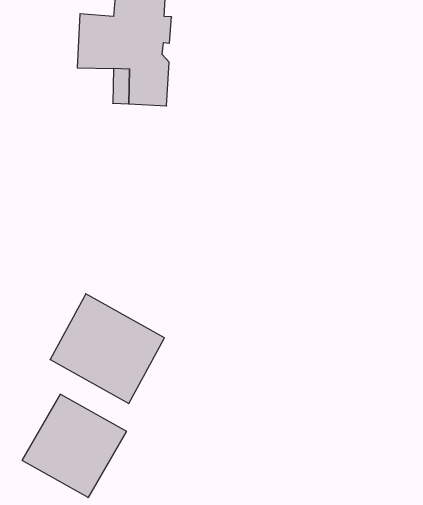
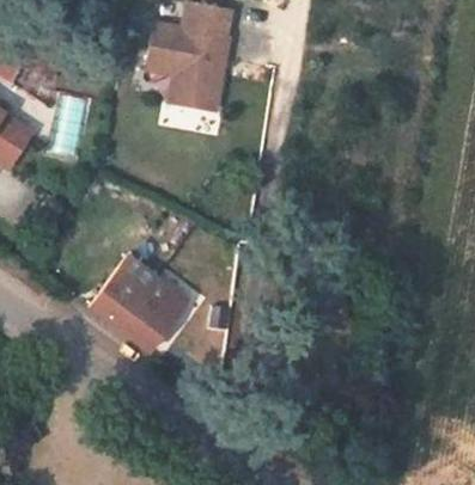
building: [22,394,126,498] -> none

